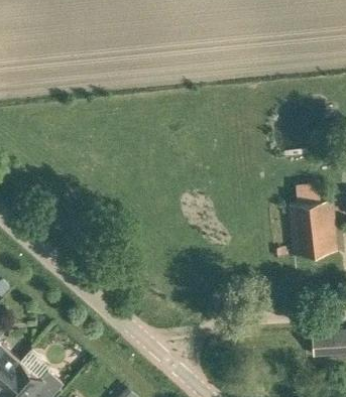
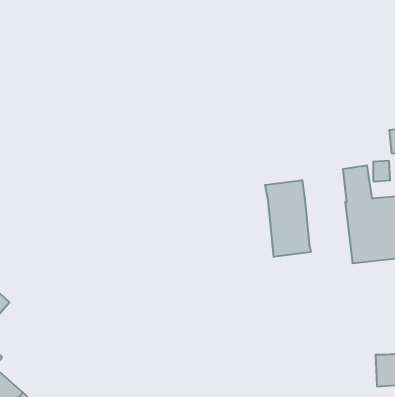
building: none -> [265,180,311,257]

